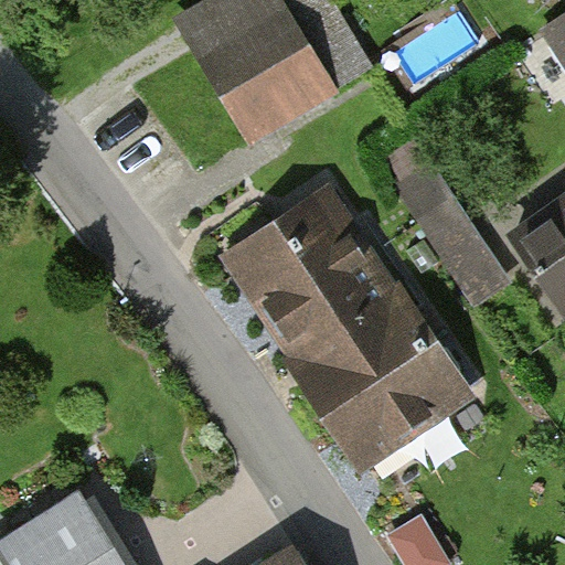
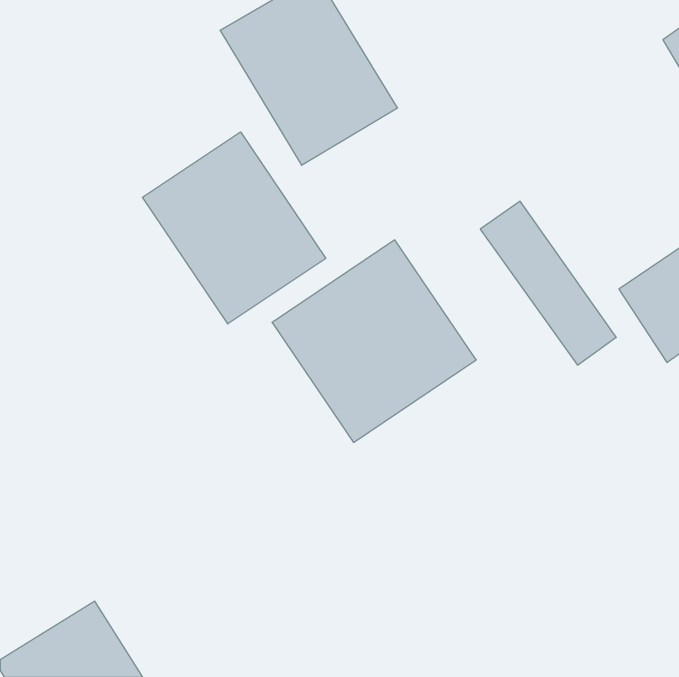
building: none -> [142,132,326,324]
building: [295,298,463,466] -> none

